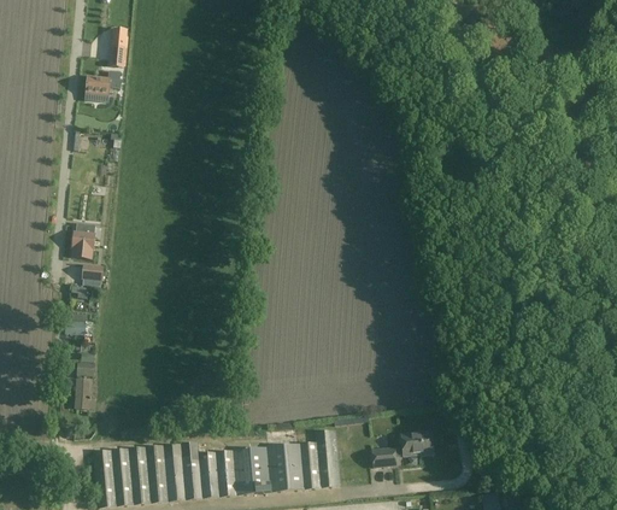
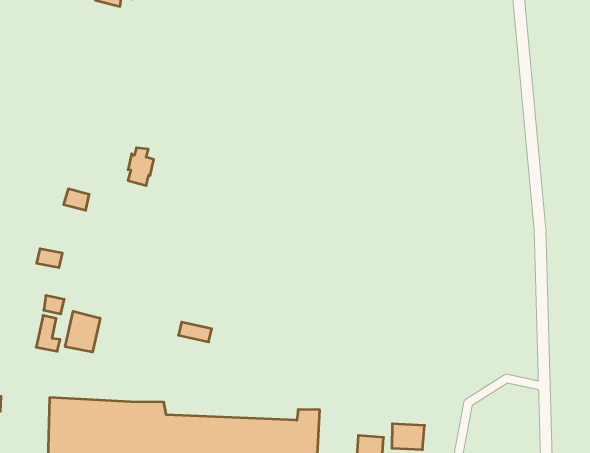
building: [72,225,94,258] -> [128,148,154,186]
building: none -> [65,311,100,352]

